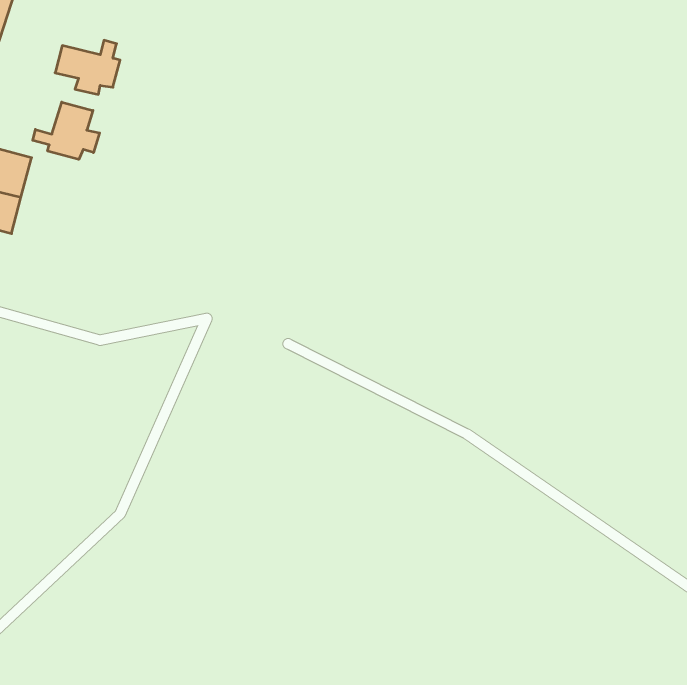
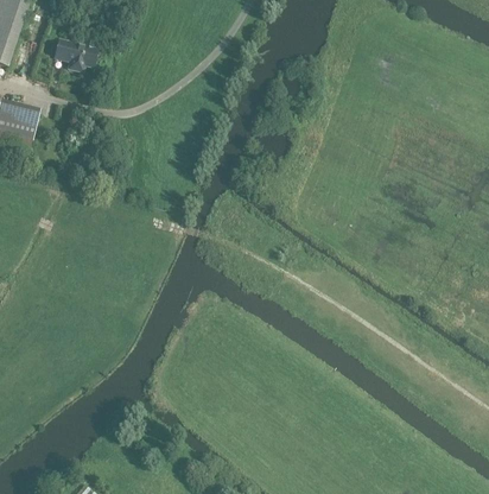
building: [33,102,100,159] -> none

